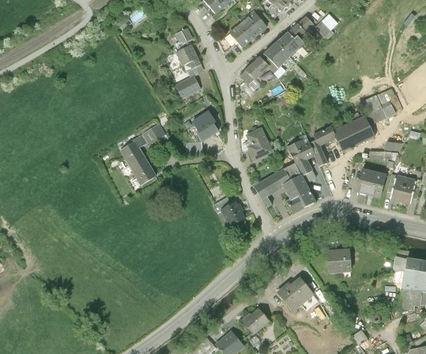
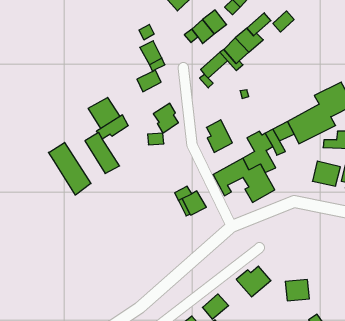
building: none -> [88,97,120,129]
building: none -> [48,142,91,195]
building: [327,250,352,272] -> [285,280,309,301]

